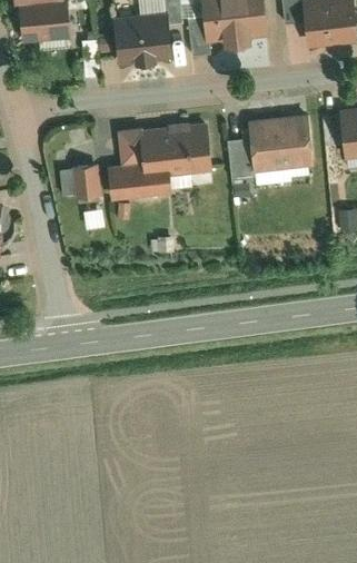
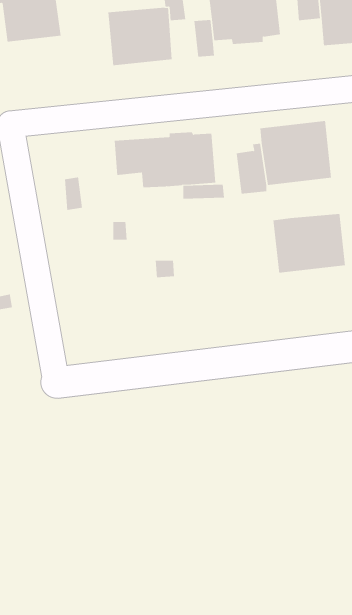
building: [108,160,167,194] -> none
building: none -> [273,213,345,274]

